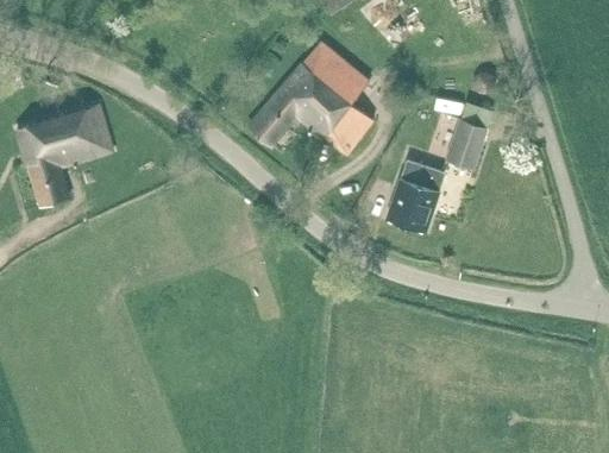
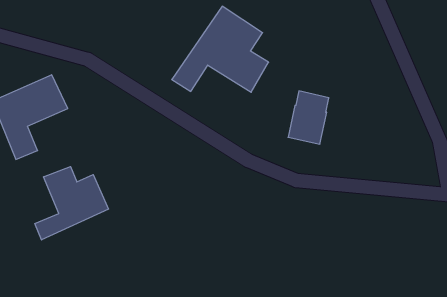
building: [445,118,486,170] -> none
building: none -> [35,167,108,240]

